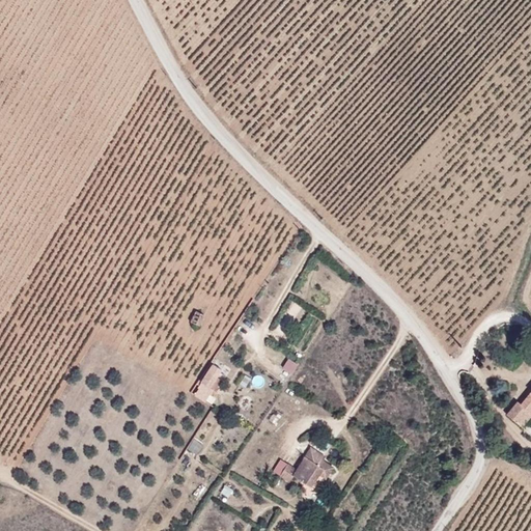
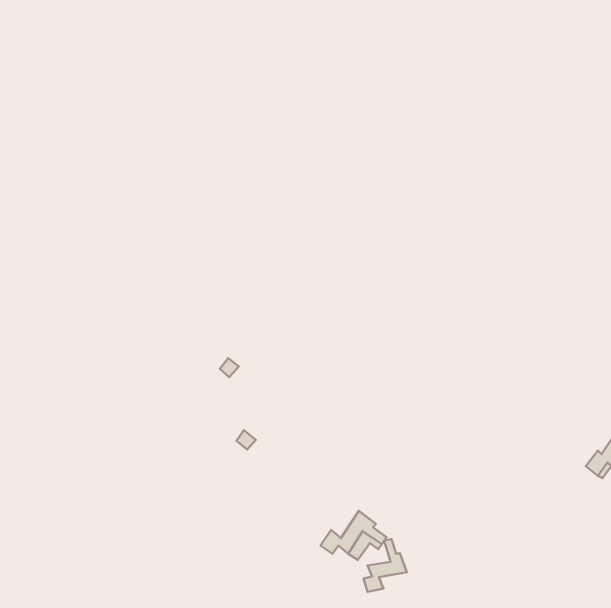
building: none -> [364,539,407,592]

